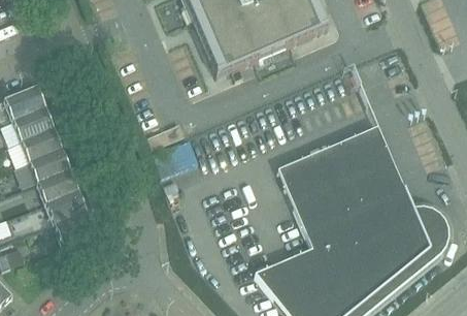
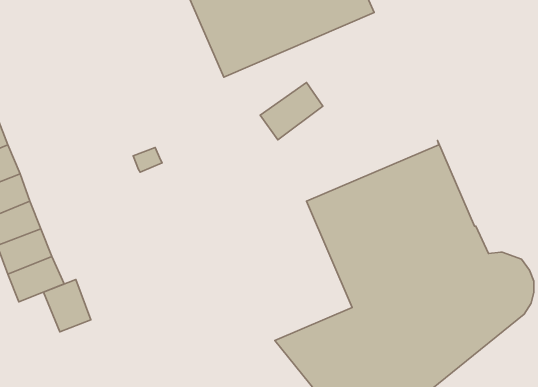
building: none -> [260,82,323,140]
building: none -> [44,279,91,332]

